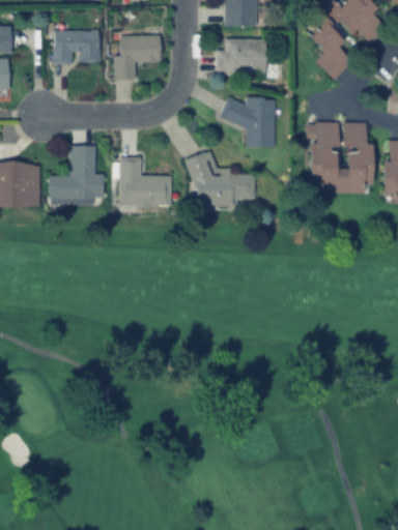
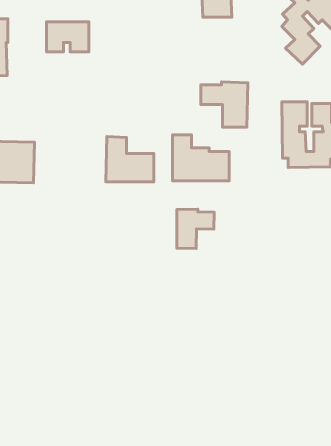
building: [113,35,161,80] -> none
building: [217,38,267,75] -> none
building: [49,146,104,204] -> none
building: none -> [177,209,214,248]

